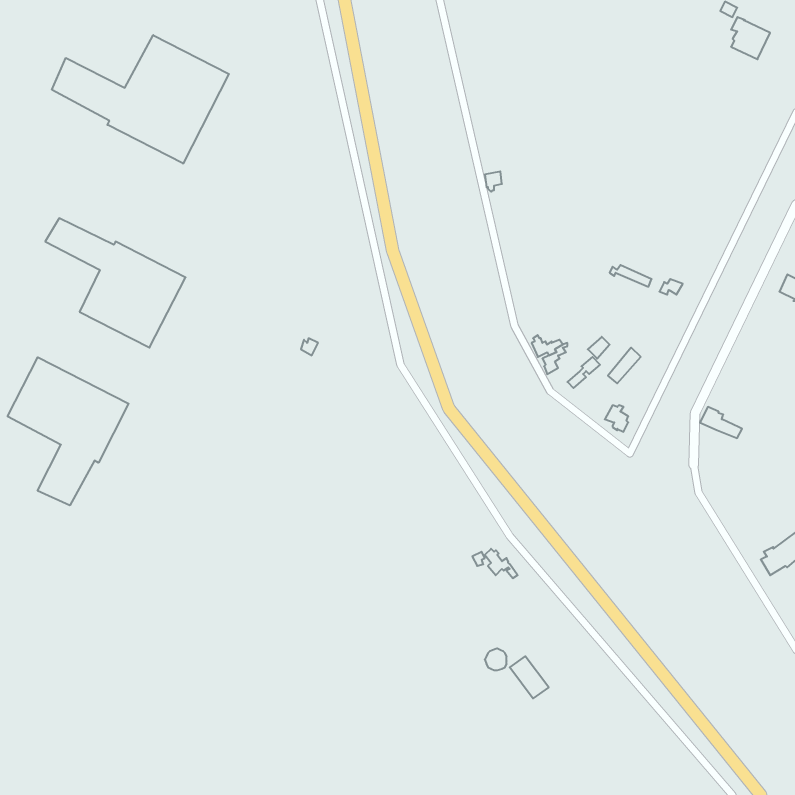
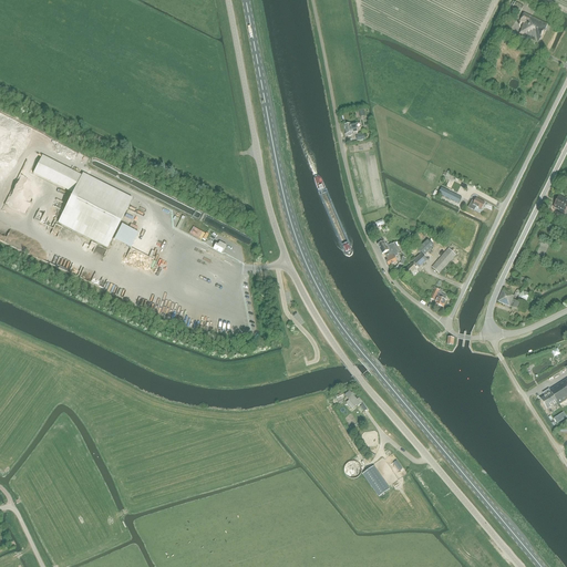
building: [52,35,229,164] -> none
building: [8,357,129,505] -> none

